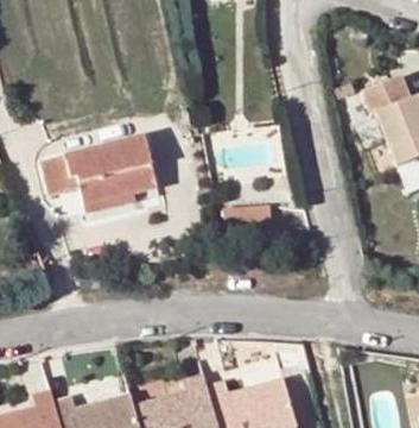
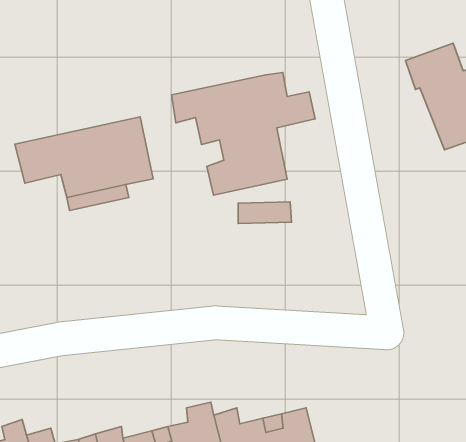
building: none -> [172,72,315,195]

